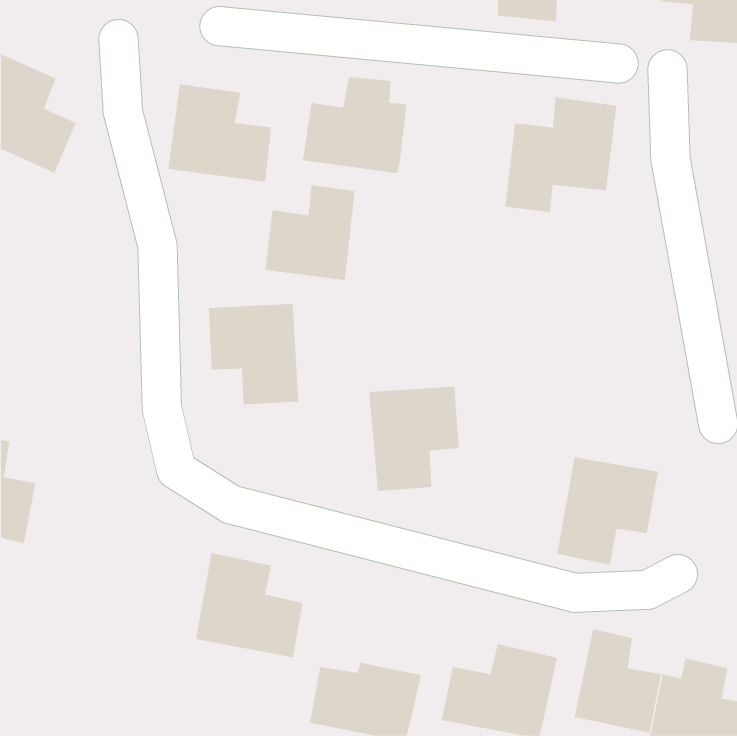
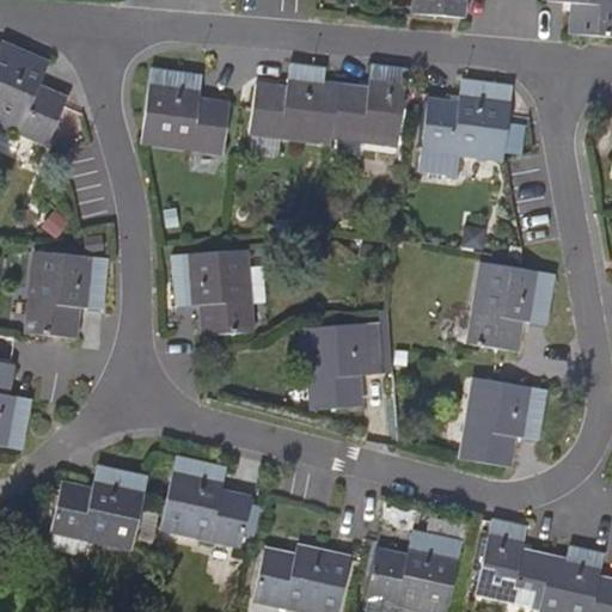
building: [265,185,356,280] -> [332,66,408,145]
building: none -> [26,252,105,338]
building: none -> [467,261,553,350]
building: none -> [51,467,147,556]

